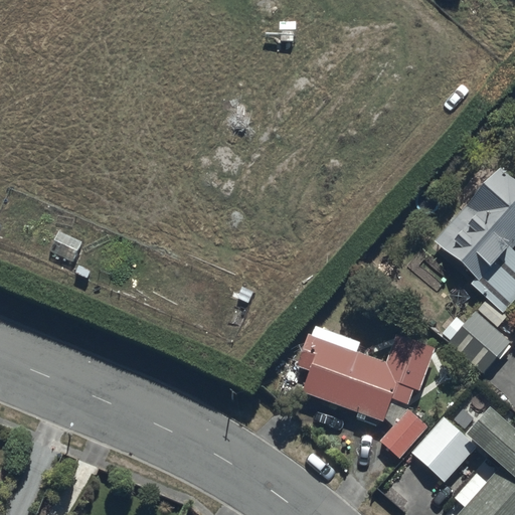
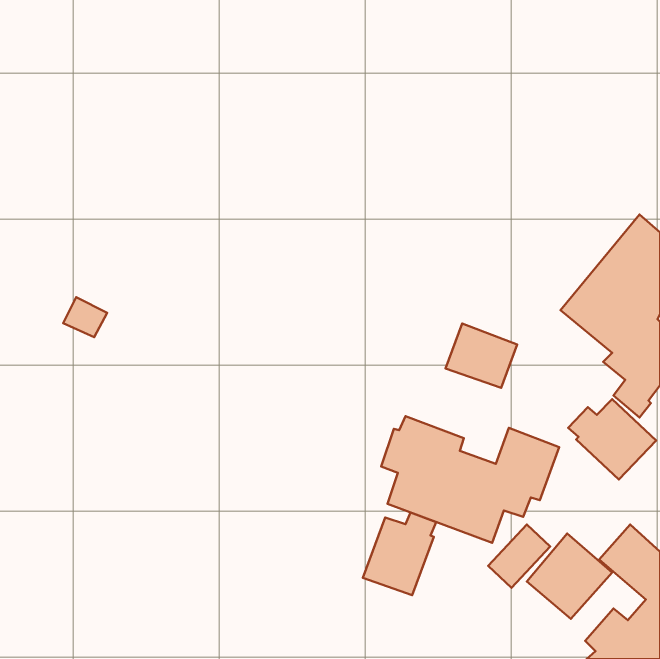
building: none -> [446,323,517,388]
building: none -> [363,512,436,595]

